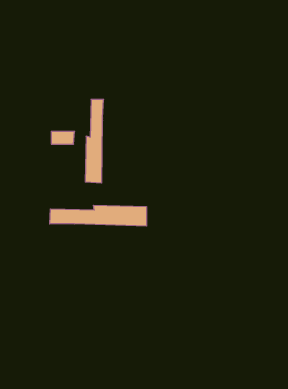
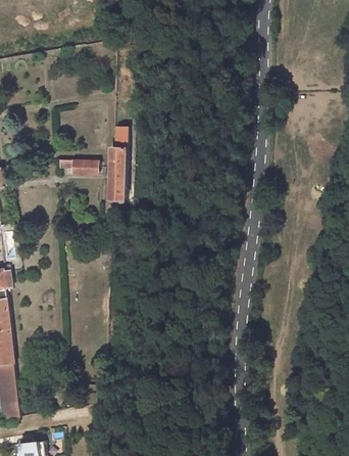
building: [50,205,147,226] -> none

